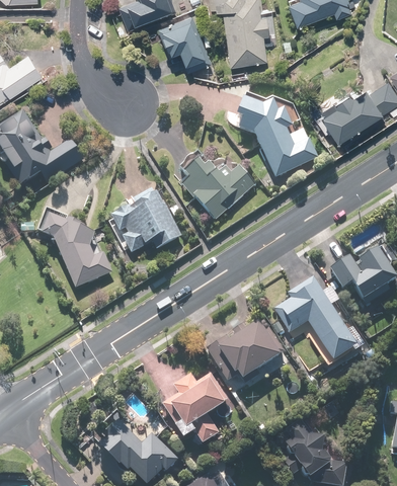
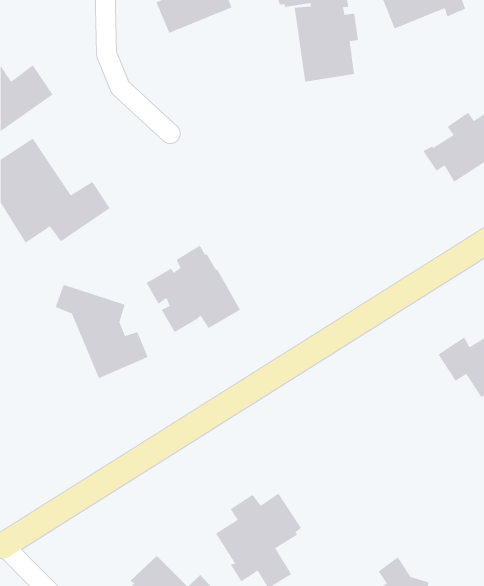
building: [158,13,212,71] -> none
building: [235,98,319,178] -> none
building: [181,160,256,221] -> none
building: [274,276,358,360] -> none
building: [207,320,285,384] -> none

